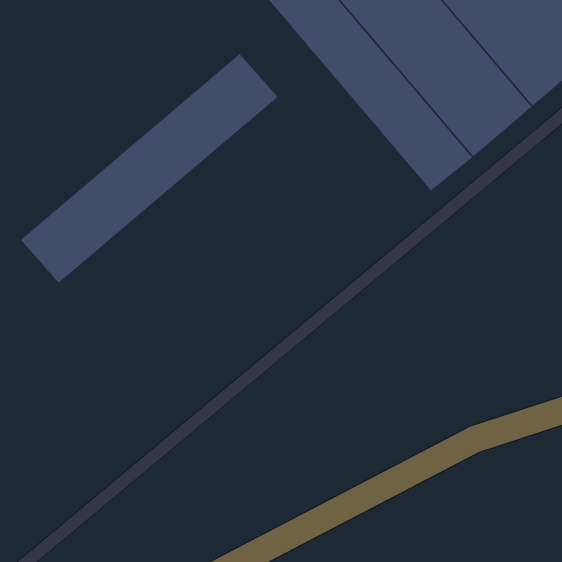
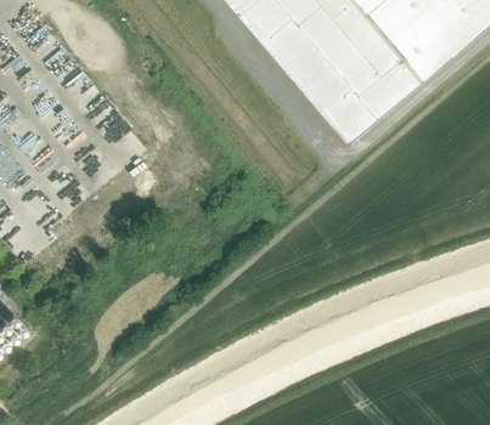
building: [20,53,278,284] -> none

